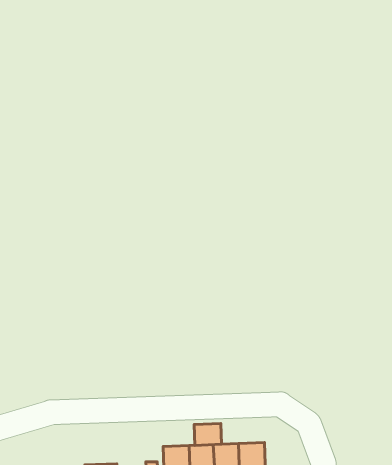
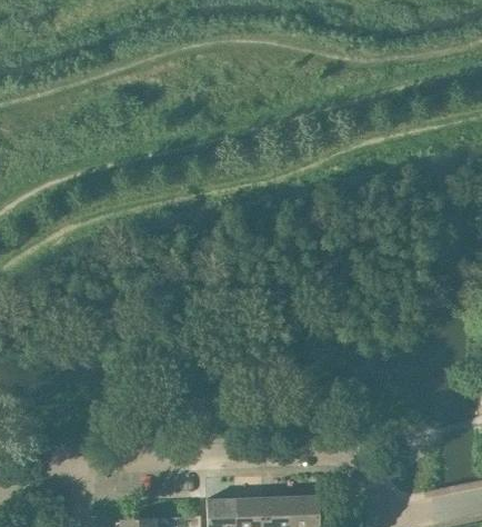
building: [194,424,222,445] -> none

